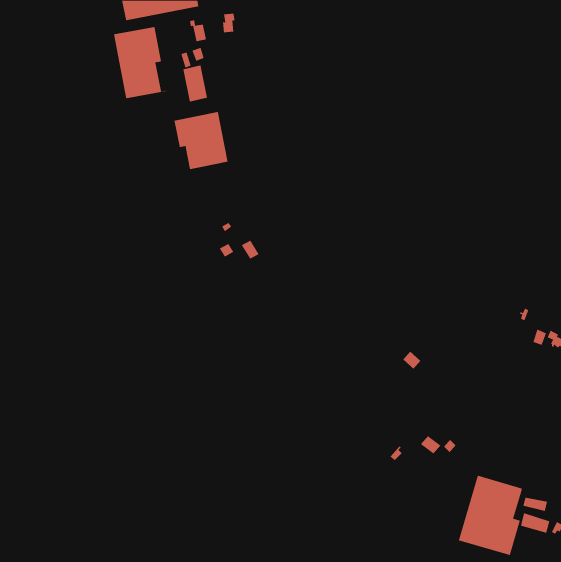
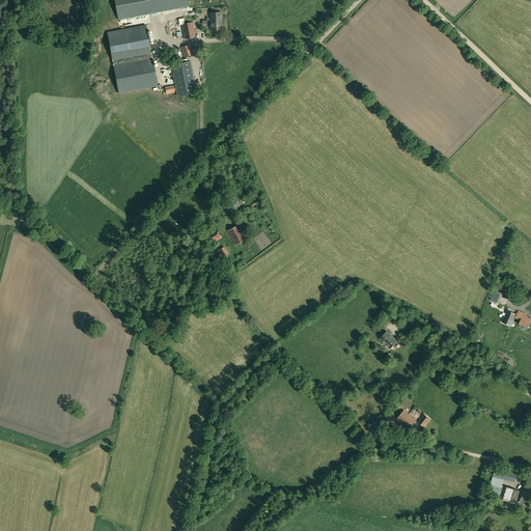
building: [174,111,228,171] -> none
building: [458,475,529,556] -> none

